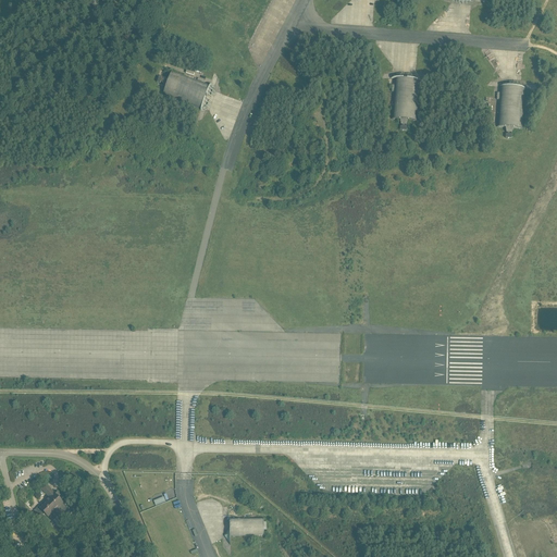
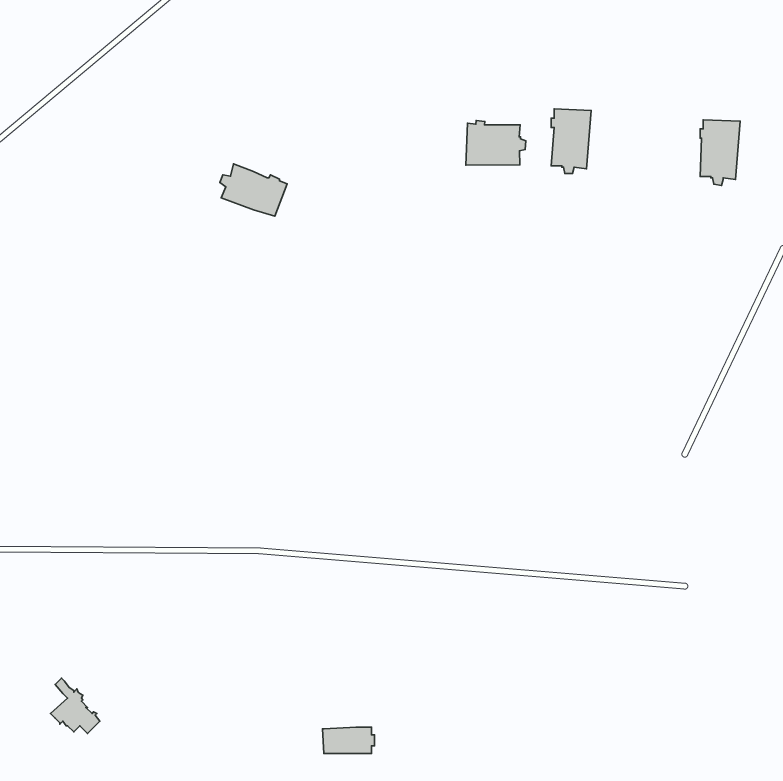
building: [161,69,209,106] -> [220,164,287,216]
building: none -> [466,121,526,165]

